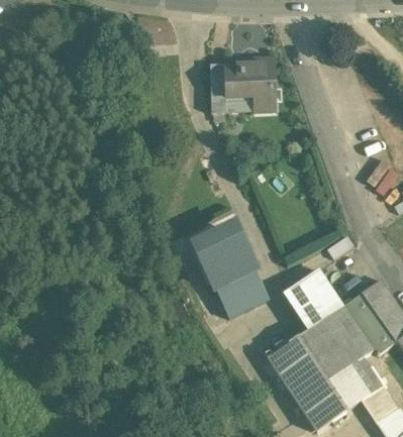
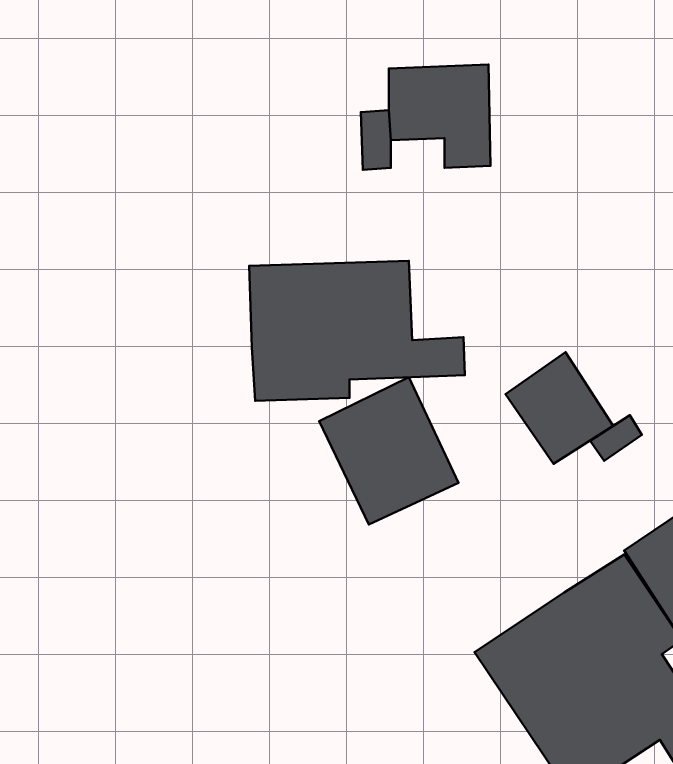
building: none -> [249,261,465,401]
building: [289,269,343,326] -> [506,352,613,464]
building: [219,272,267,315] -> none

